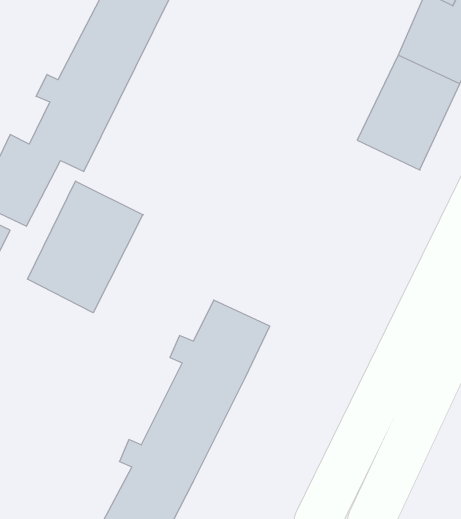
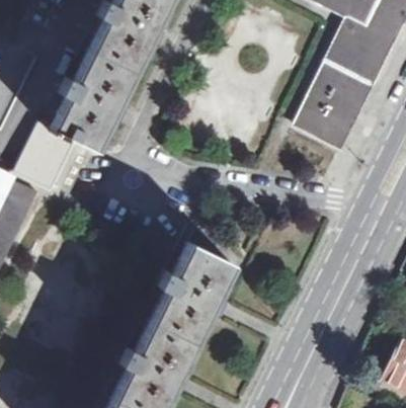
building: [28,181,143,313] -> none

